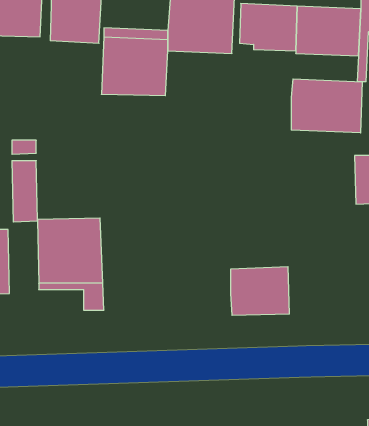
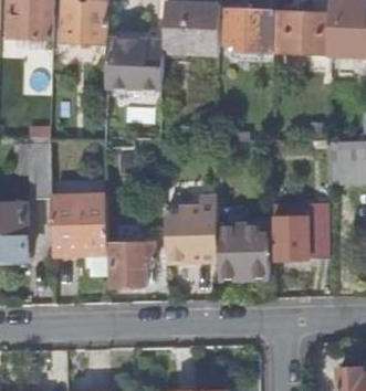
building: [291,79,362,133] -> none
building: none -> [164,197,218,261]
building: none -> [272,202,328,260]
building: none -> [111,228,154,285]

